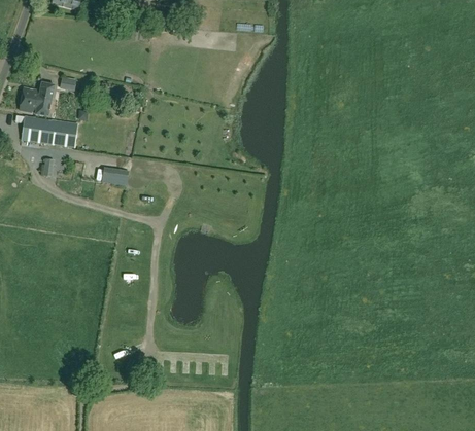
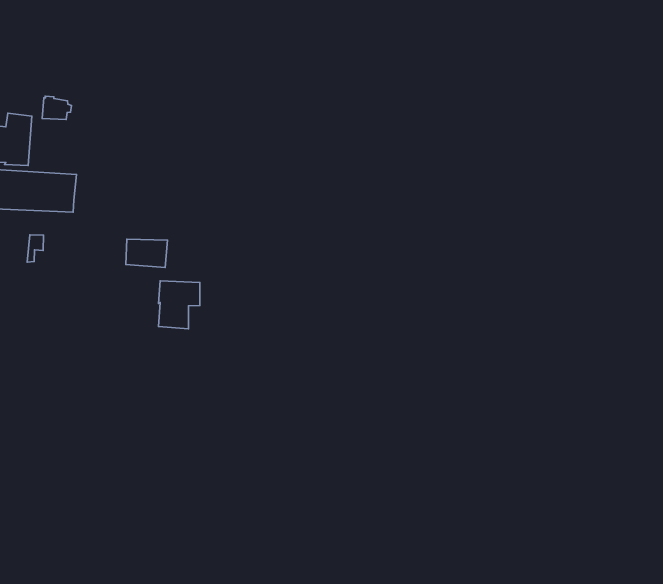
building: none -> [159,281,200,329]

